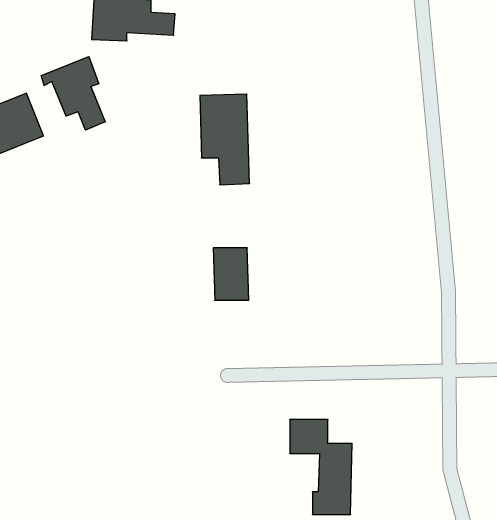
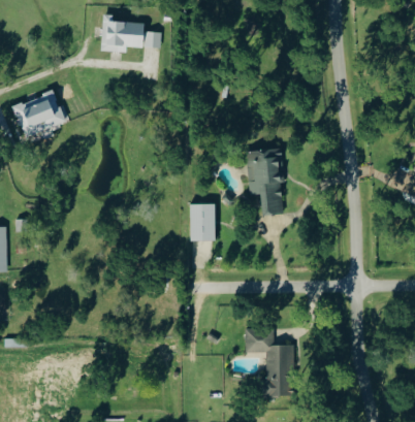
building: [41,57,105,130] -> none
building: [200,94,250,185] -> [247,149,283,215]

